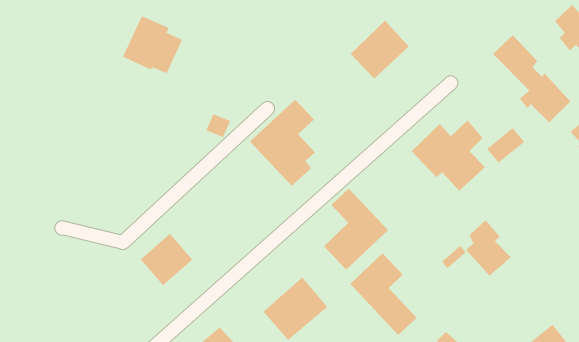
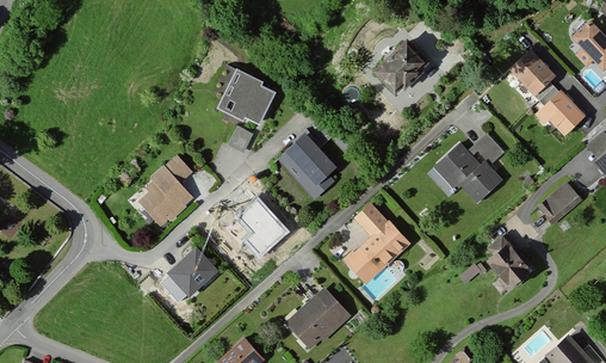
building: [122,16,183,74] -> [214,67,273,124]
building: [486,127,525,164] -> [539,183,577,219]
building: none -> [137,153,196,228]
building: none -> [236,198,289,260]
building: [349,253,417,336] -> none

